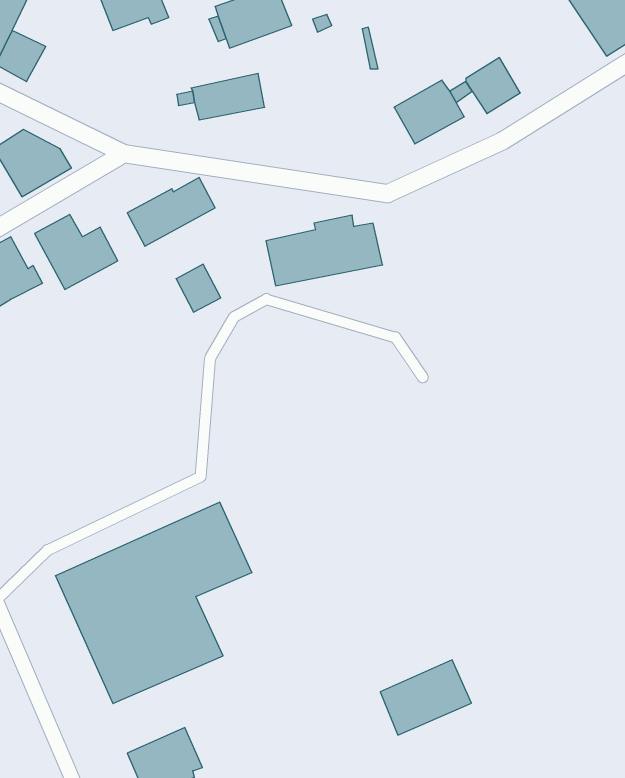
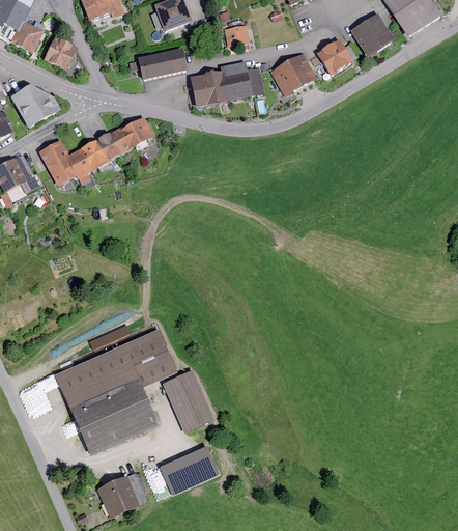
building: none -> [350,13,394,57]
building: none -> [224,24,249,46]
building: none -> [44,36,78,71]
building: [266,215,383,286] -> [190,61,265,107]
building: [176,264,221,312] -> [80,139,109,170]
building: none -> [163,370,214,435]
building: [380,660,471,735] -> [161,446,220,495]

